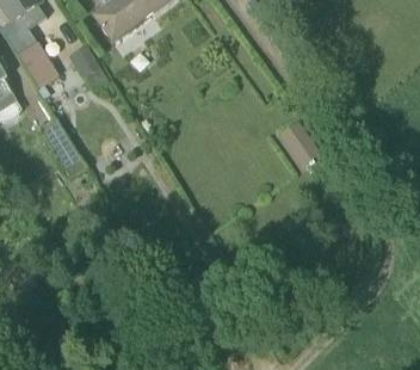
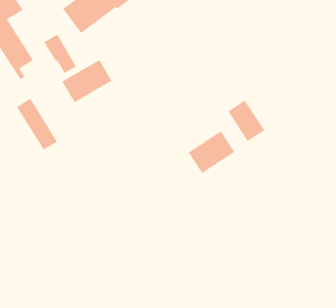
building: none -> [62,59,112,103]
building: none -> [188,130,235,174]

